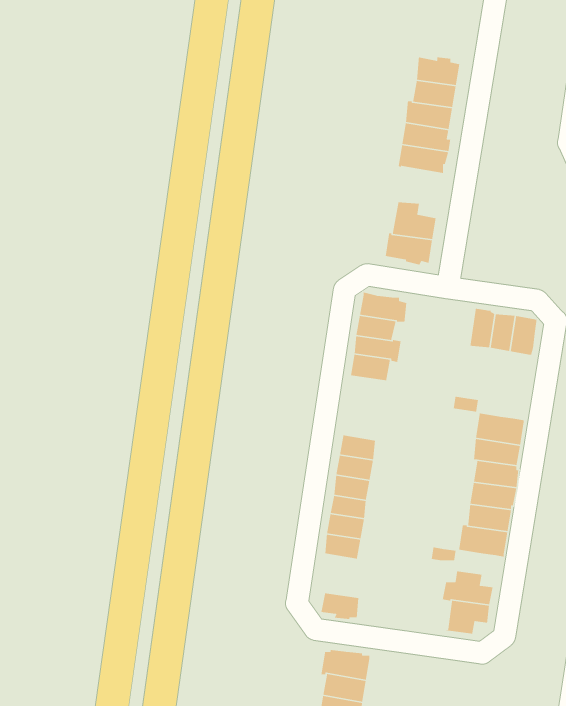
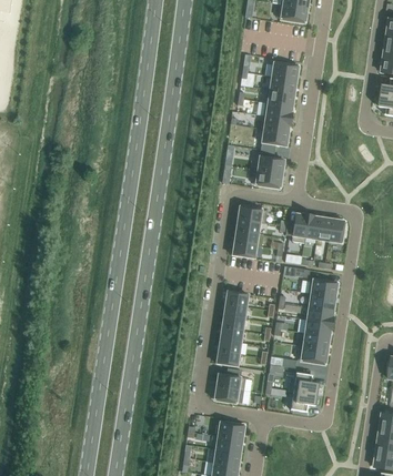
building: none -> [261,129,289,151]
building: none -> [285,213,308,243]
building: none -> [216,368,245,391]

